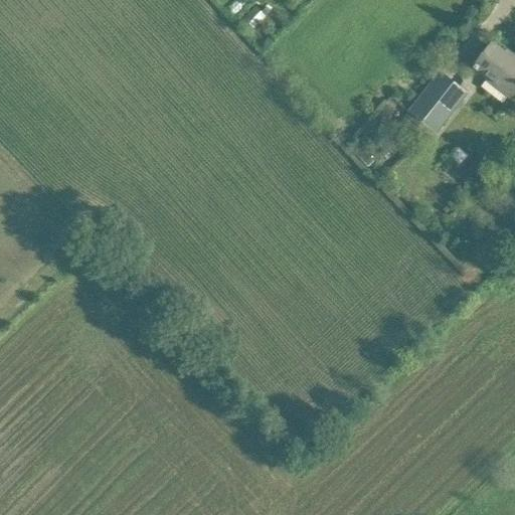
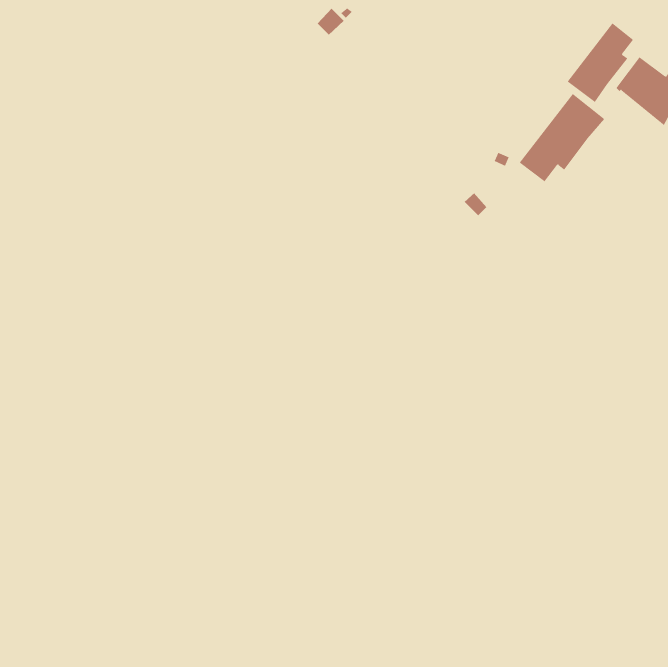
building: none -> [567,23,634,103]

